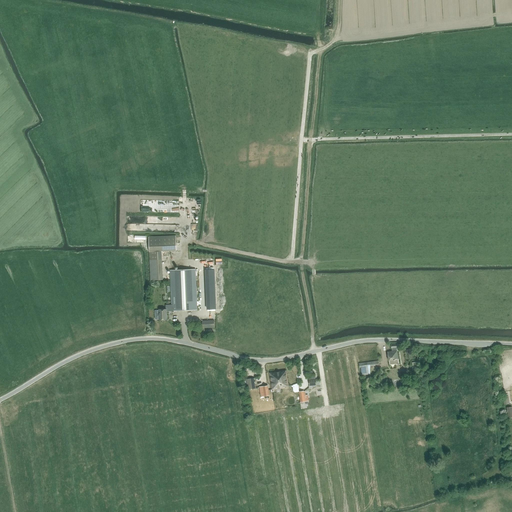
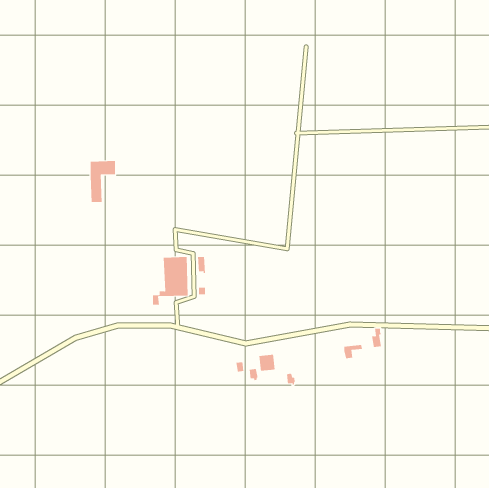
building: [149,235,176,279] -> [90,161,116,203]

